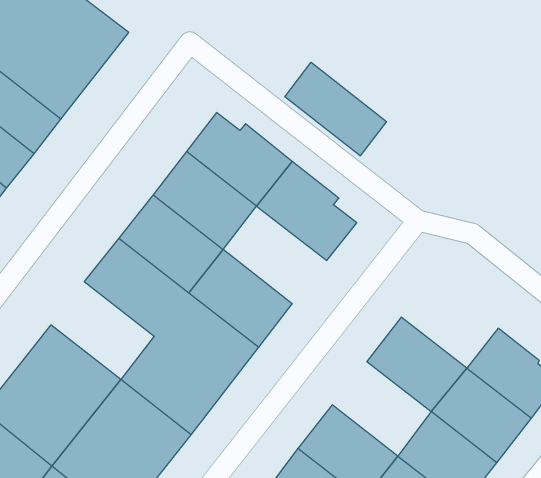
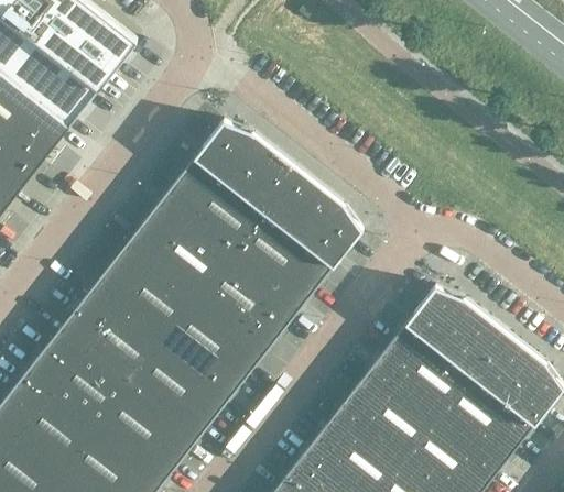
building: [285,62,386,156] -> none
building: none -> [230,212,333,309]
building: none -> [406,286,502,373]
building: none -> [59,287,162,384]
building: none -> [338,367,436,460]

